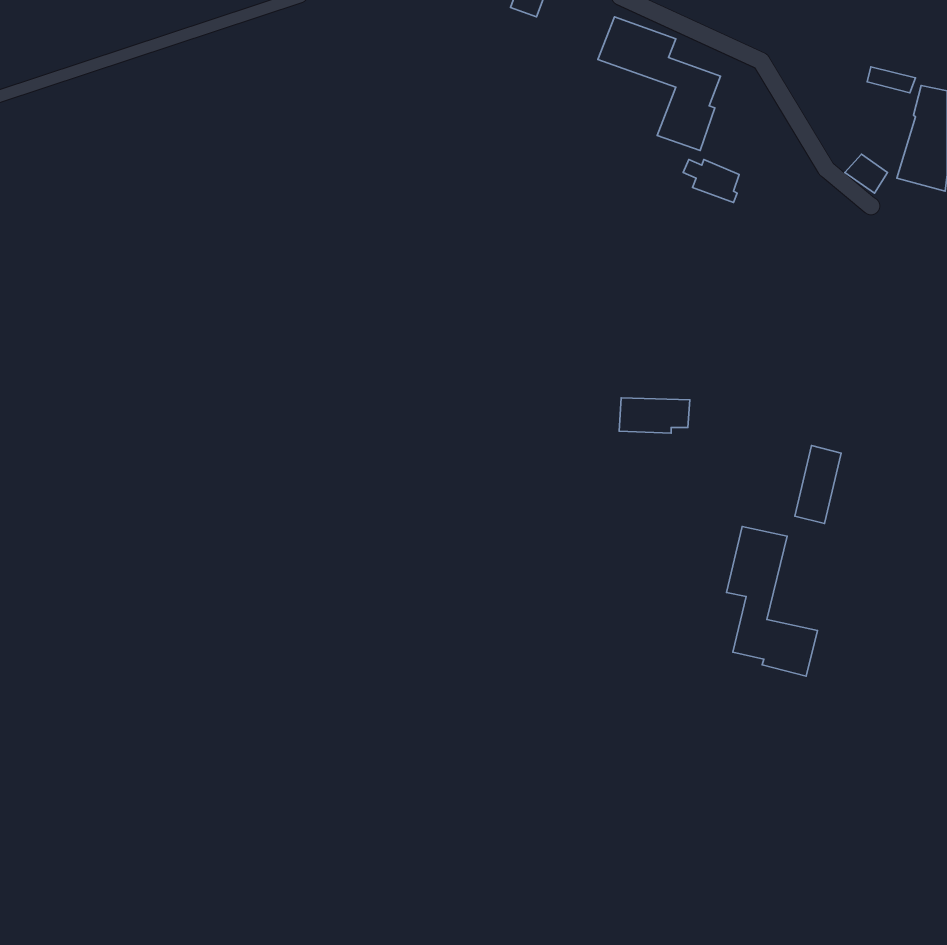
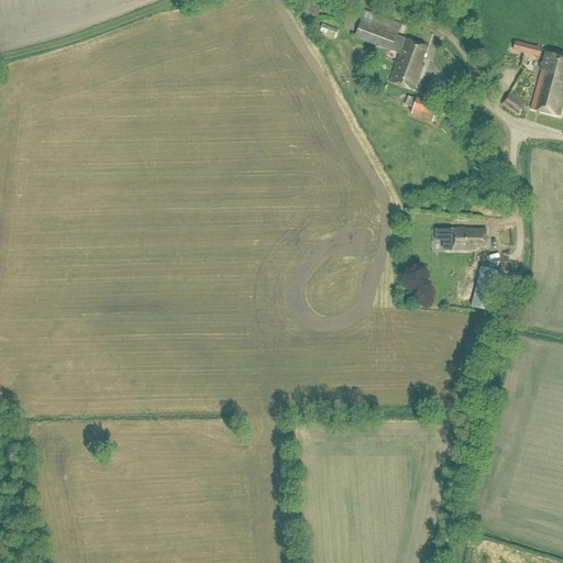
building: [619,398,690,433] -> [444,228,486,249]
building: [727,527,818,676] -> none

